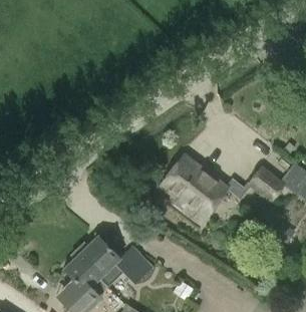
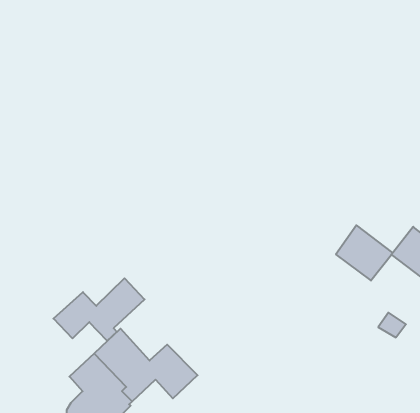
building: [161,155,228,221] -> none
building: none -> [53,278,145,341]

